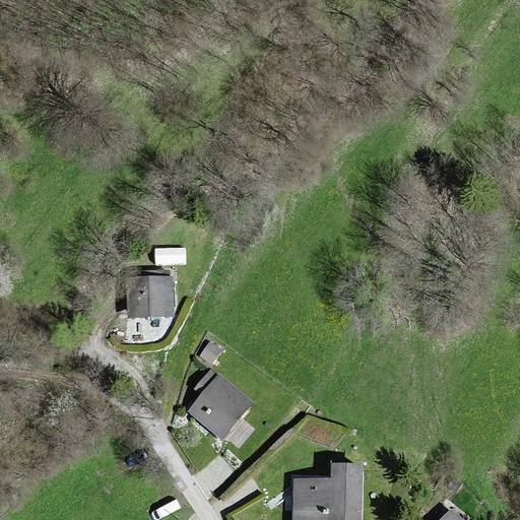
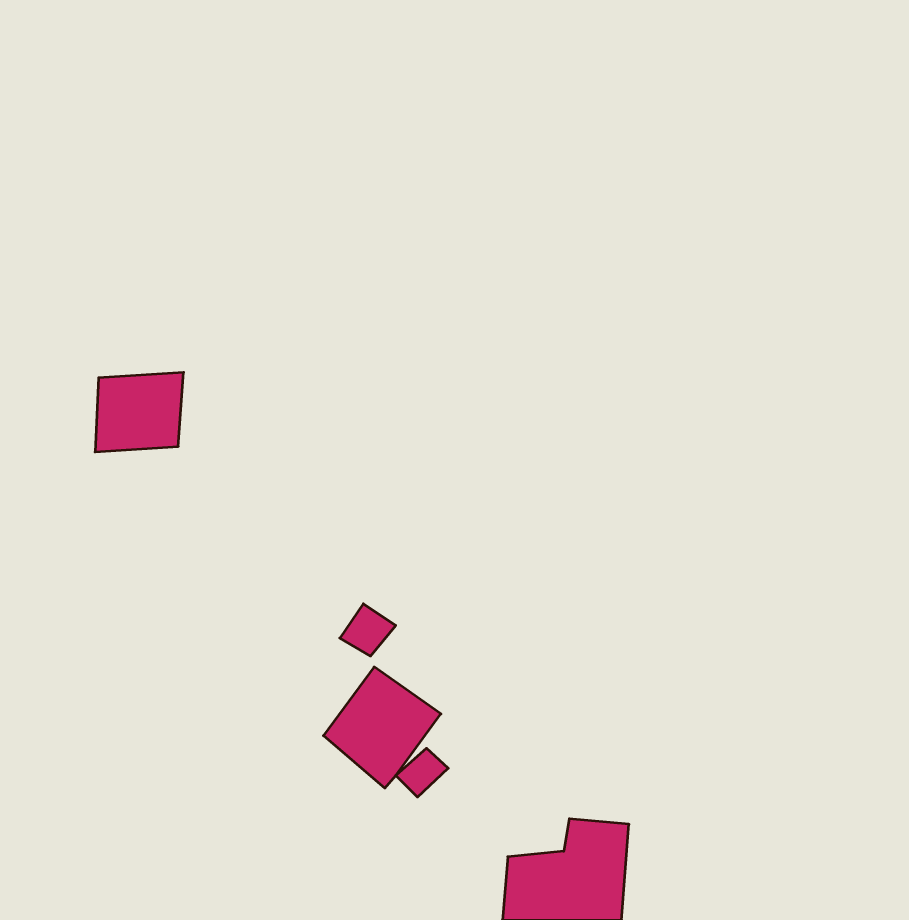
building: [124,277,174,322] -> [95,372,184,452]

